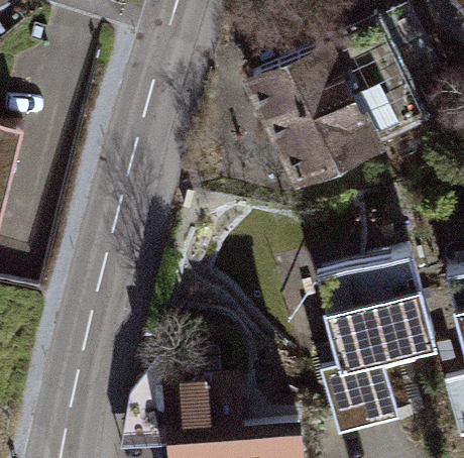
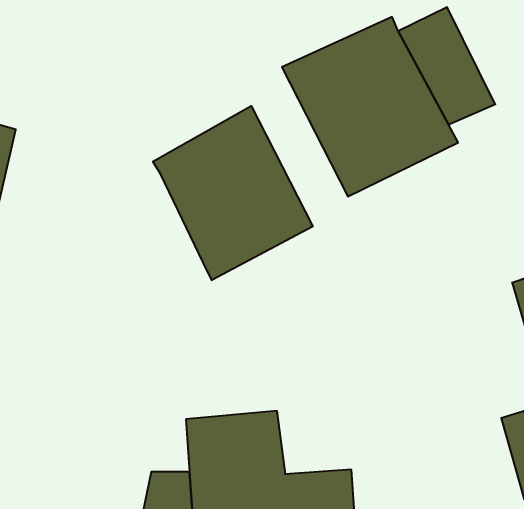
building: none -> [153,106,313,280]
building: [318,247,434,441] -> none

